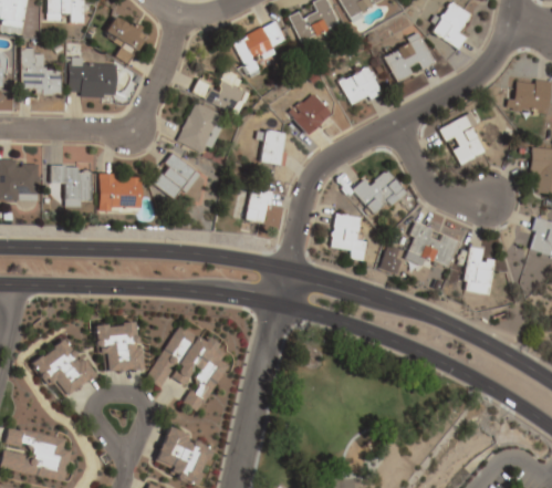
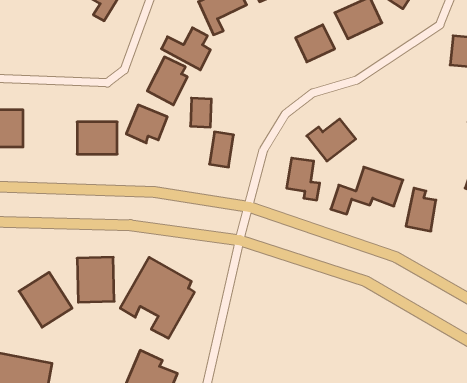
building: [21,50,60,93] -> none
building: [69,58,115,96] -> none
building: [289,92,331,133] -> none
building: [440,114,486,165] -> none
building: [261,132,284,164] -> [190,98,211,127]
building: [51,166,90,206] -> none

